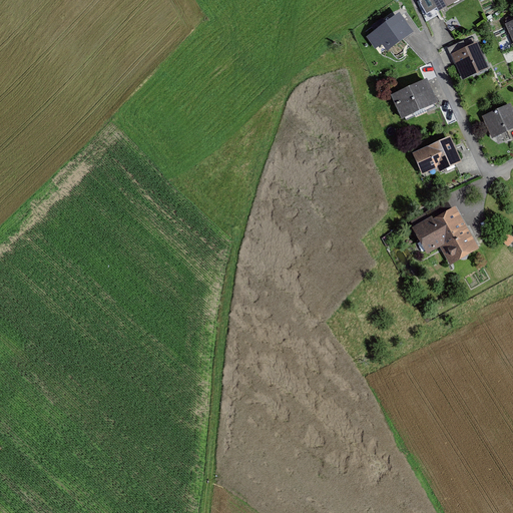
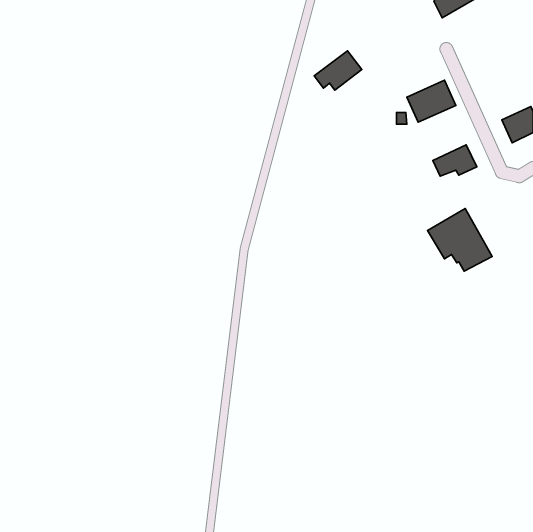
building: [367,12,413,50] -> [314,51,362,90]
building: [448,40,490,79] -> none

